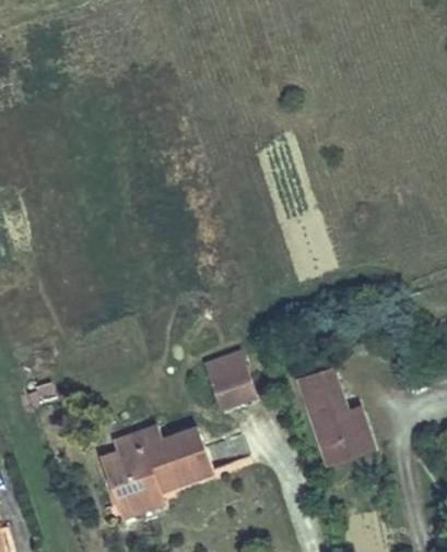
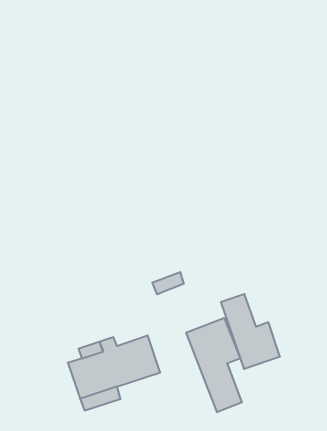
building: [217,361,263,406] -> none
building: none -> [186,318,242,412]

